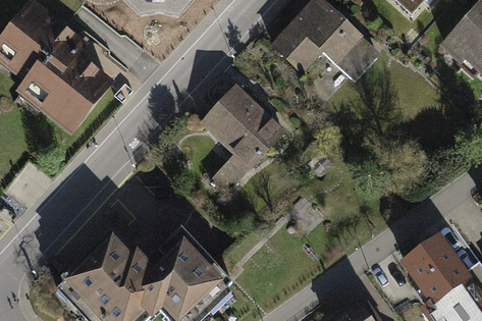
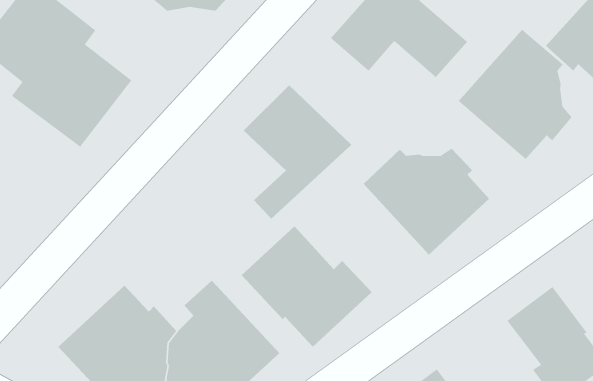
building: none -> [458,29,572,160]
building: none -> [363,148,490,256]
building: none -> [241,225,373,347]

